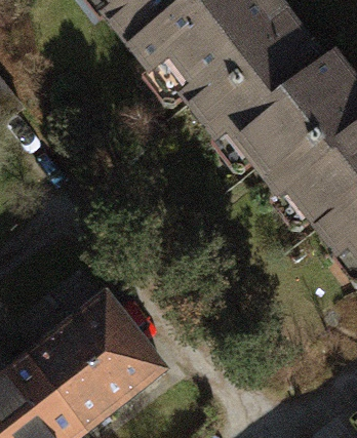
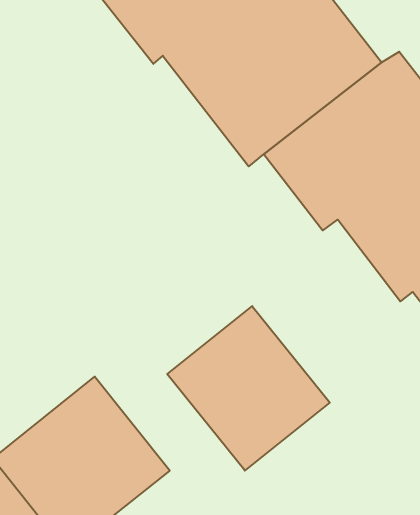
building: none -> [167,306,330,471]

